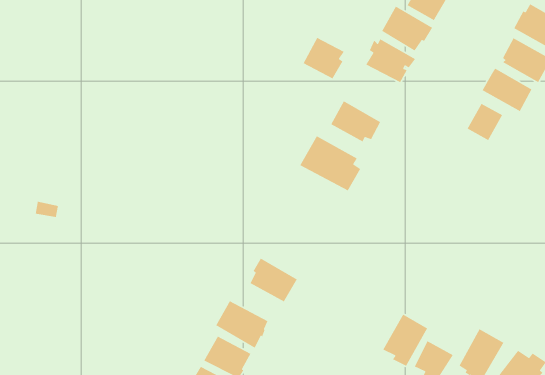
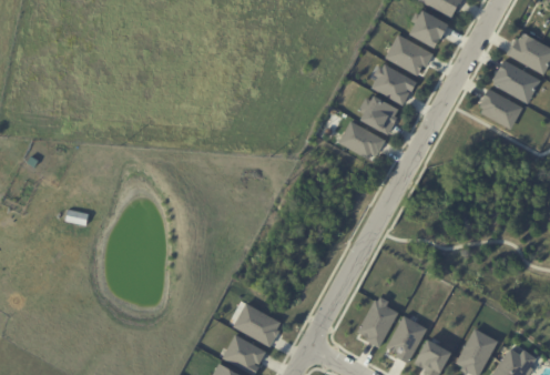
building: [302,37,345,79] -> [359,94,398,133]
building: [467,103,503,141] -> none
building: [299,135,361,191] -> none
building: [250,258,298,303] -> none
building: none -> [356,296,398,347]

